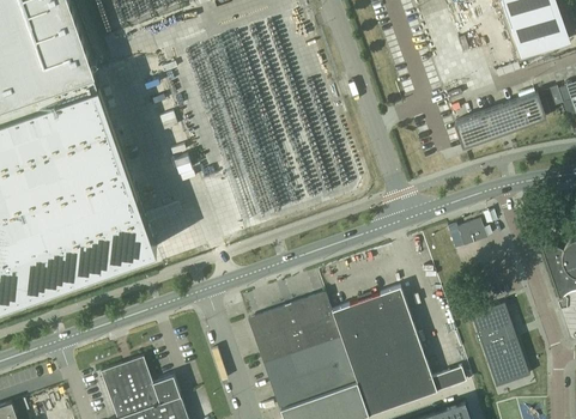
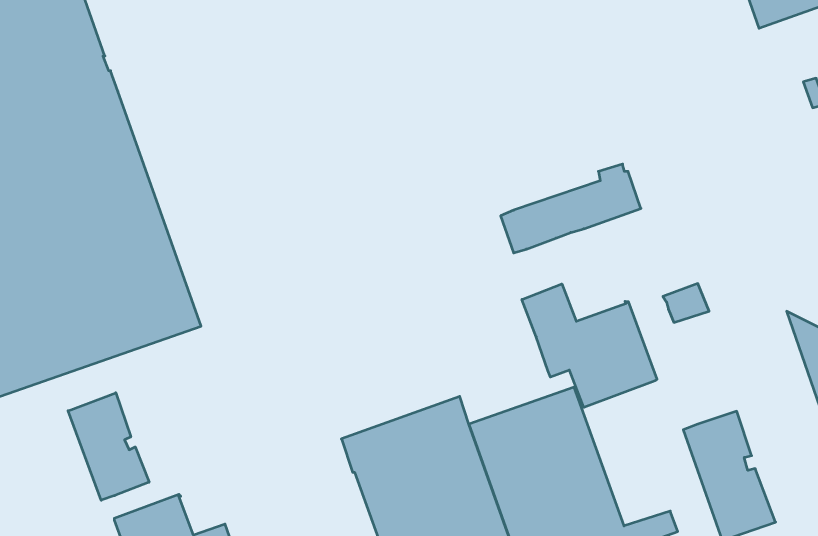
building: [455,90,546,147] -> [501,164,641,253]
building: none -> [522,284,657,407]
building: none -> [68,393,149,500]

